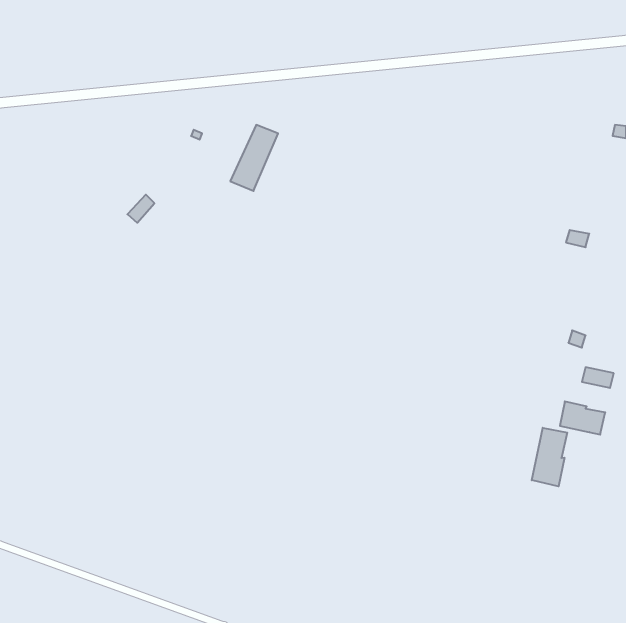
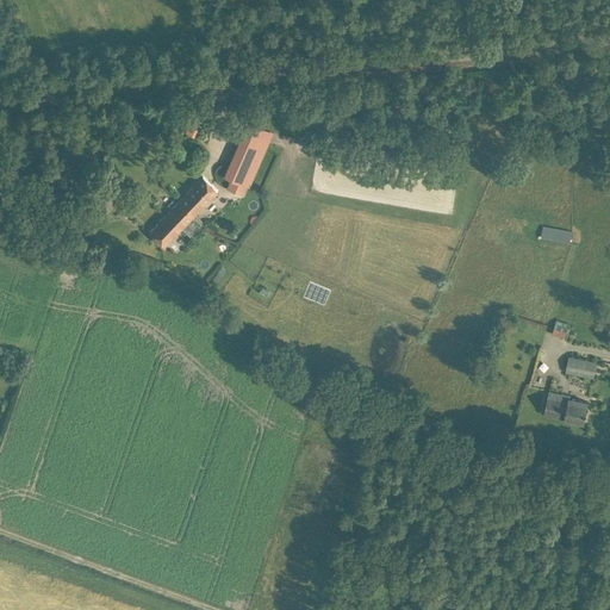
building: none -> [149,179,217,249]
building: [532,428,567,486] -> none

